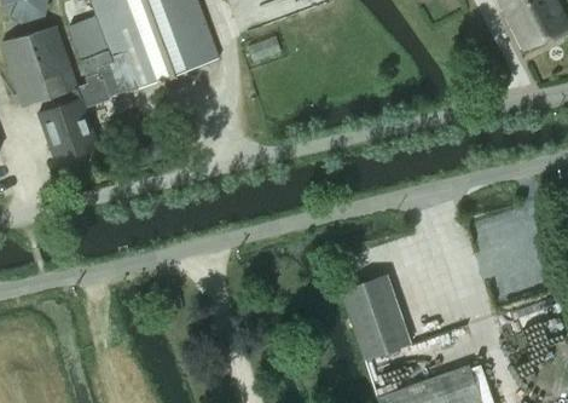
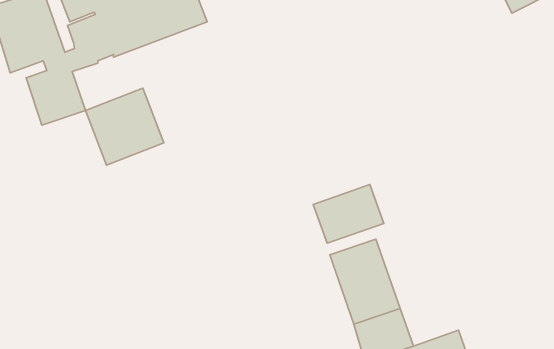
building: none -> [86,88,164,165]
building: none -> [313,185,384,243]

